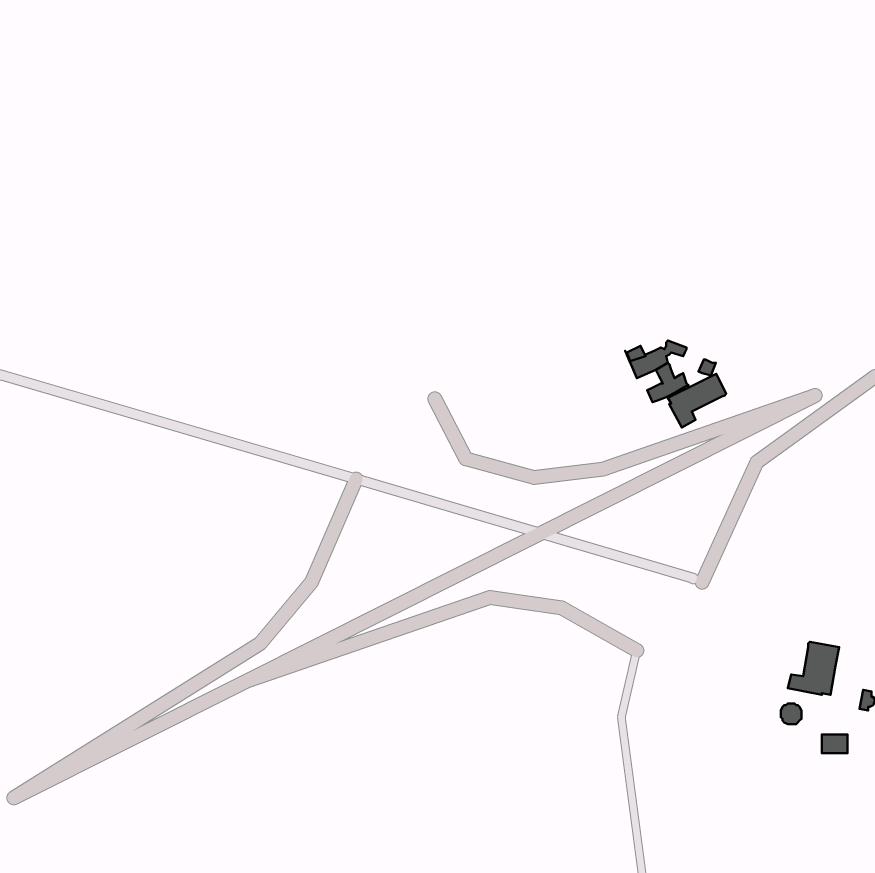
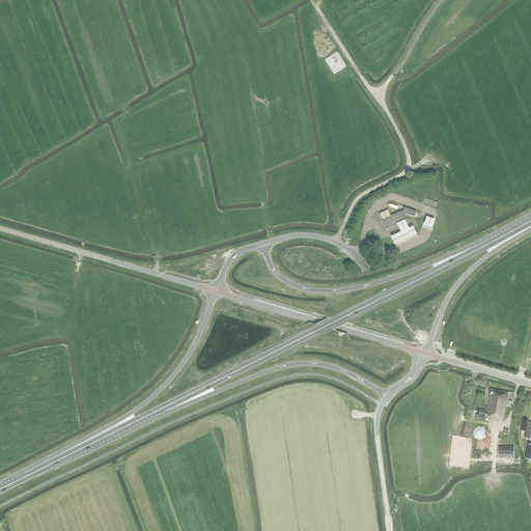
building: [668,374,726,427] -> none

